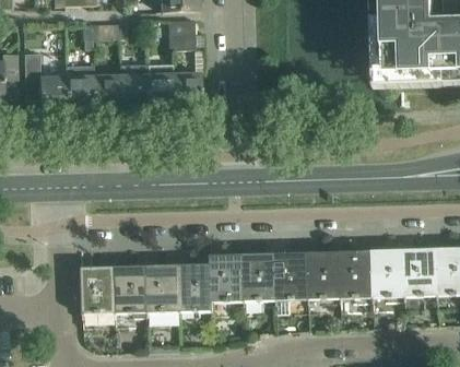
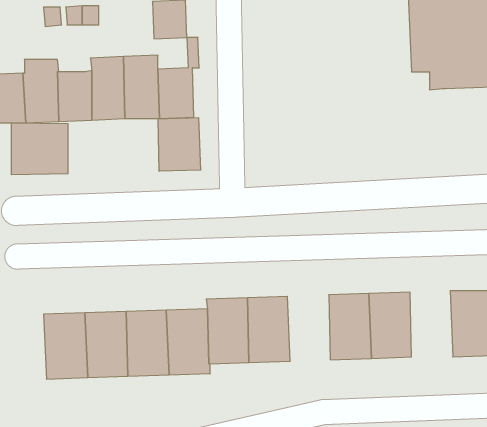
building: none -> [158,118,201,171]
building: none -> [12,123,68,175]
building: [371,248,405,300] -> none
building: [274,251,308,315] -> none

